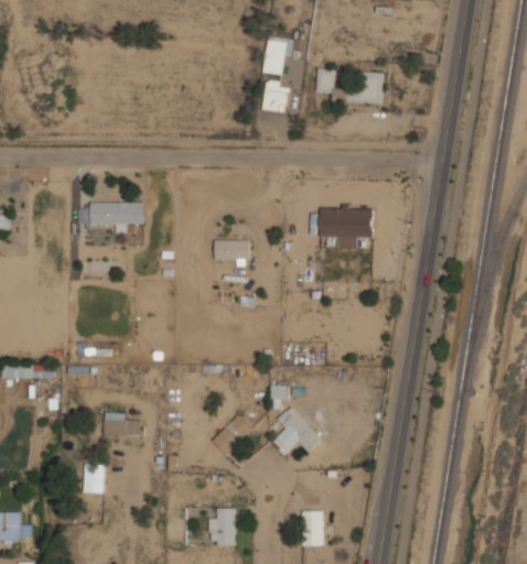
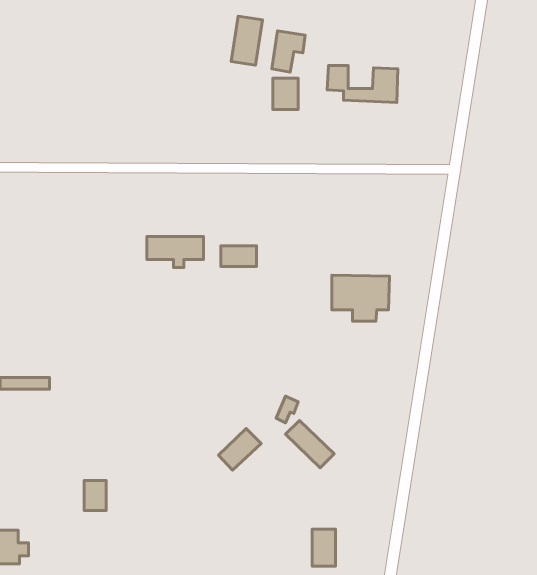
building: none -> [231,16,262,65]
building: [89,203,143,232] -> [147,236,204,268]
building: [319,205,374,249] -> [332,275,390,321]
building: [103,414,139,436] -> none
building: [208,509,236,546] -> none

